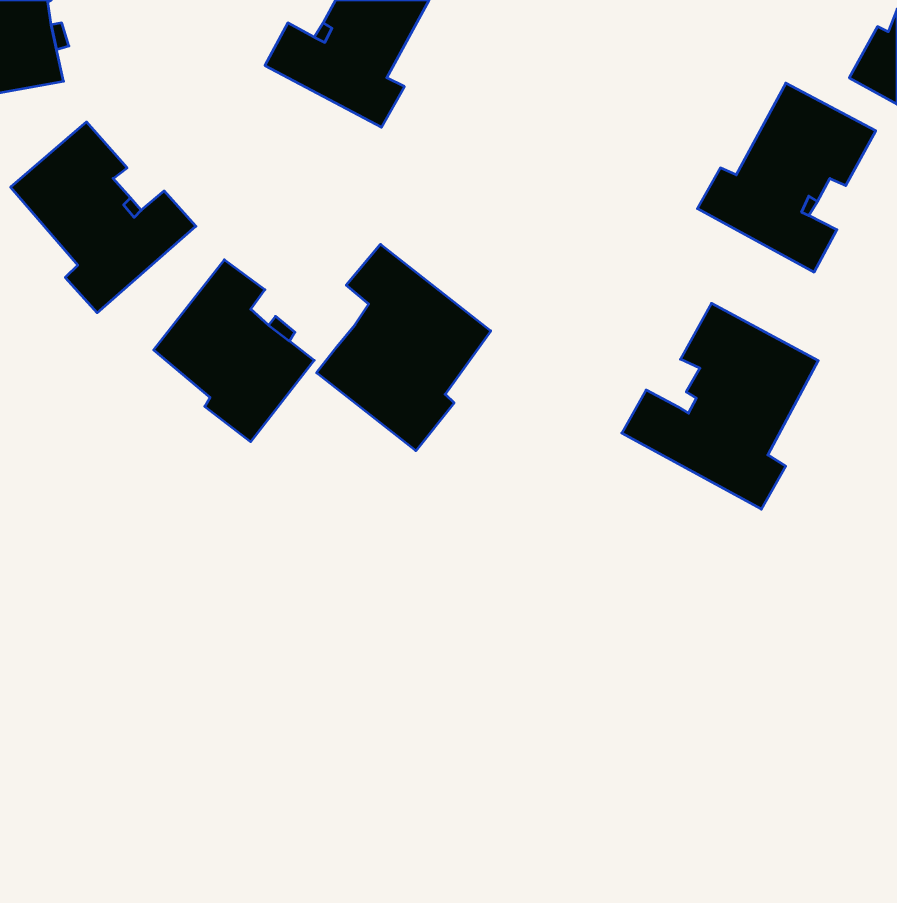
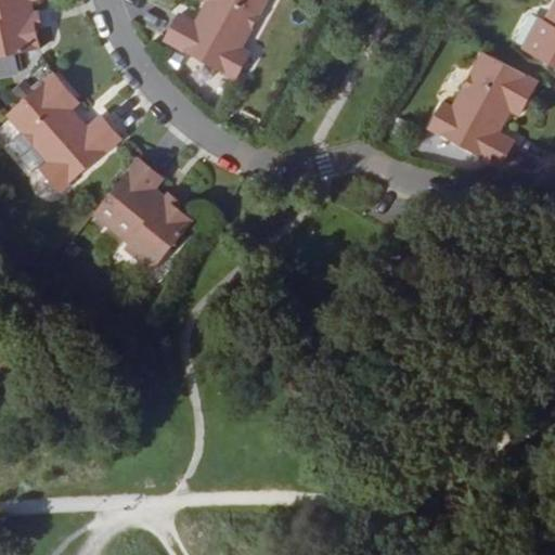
building: [317,244,491,451] -> none
building: [622,303,818,509] -> none

